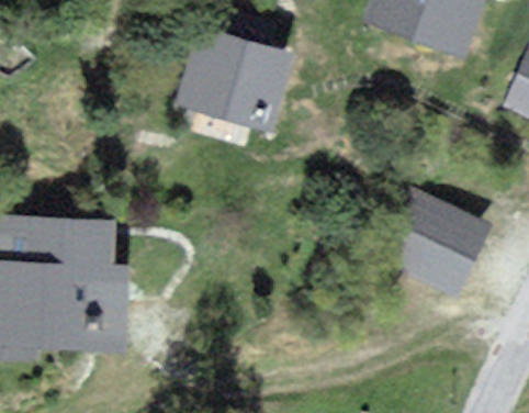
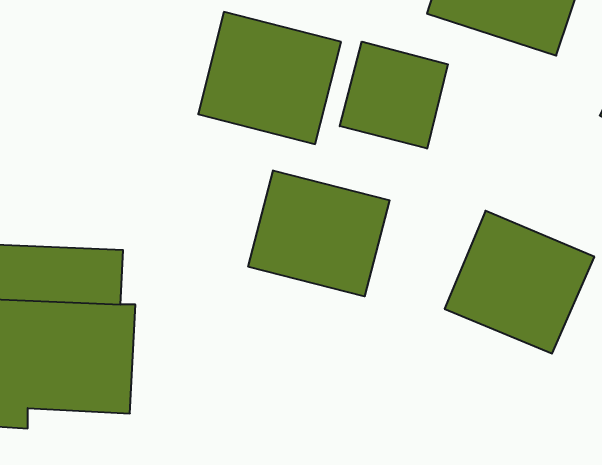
building: none -> [340,42,448,149]
building: none -> [248,170,390,296]

